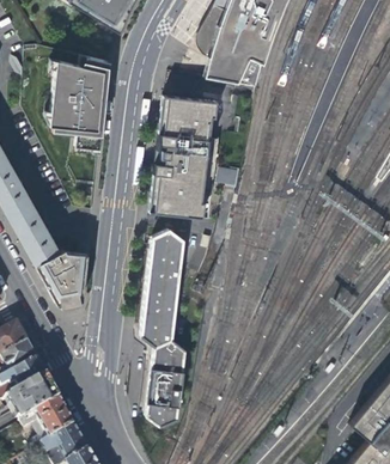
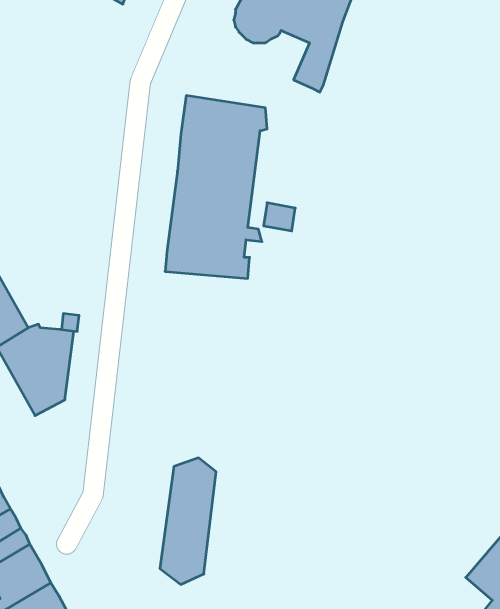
building: [203,49,248,83] -> none
building: [49,55,111,148] -> none
building: [142,230,183,346] -> none

